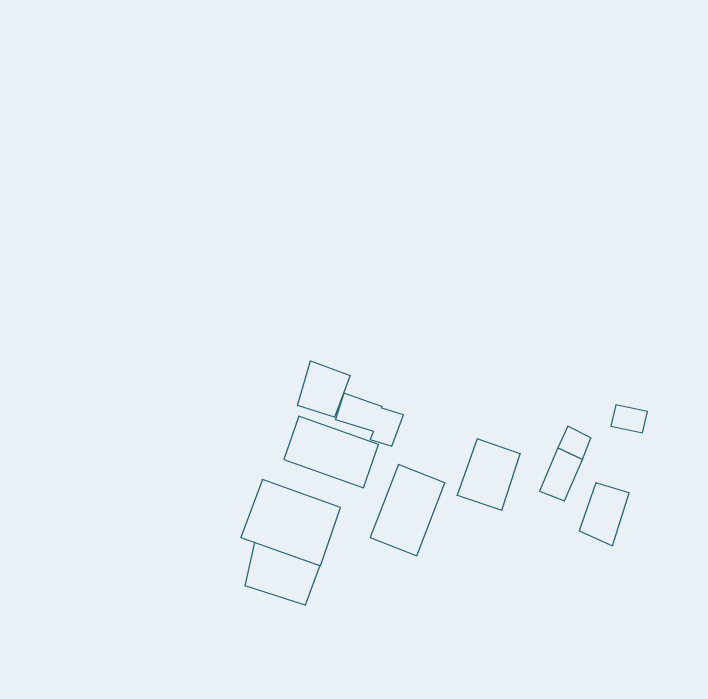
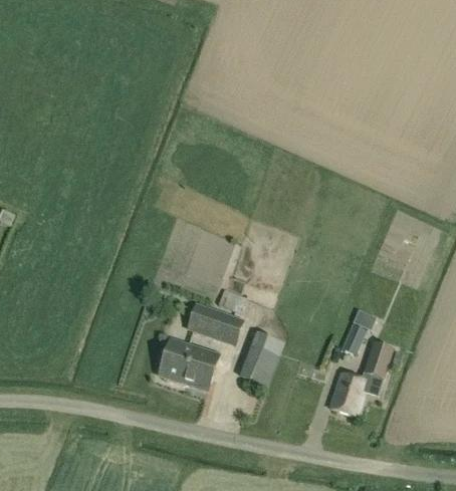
building: [298,361,350,417] -> none
building: [457,439,520,510] -> [329,374,368,417]
building: [245,542,320,605] -> none

